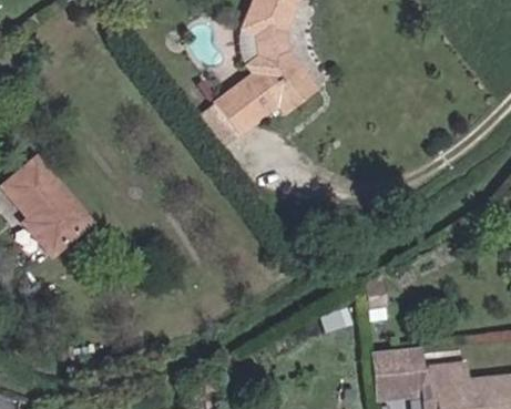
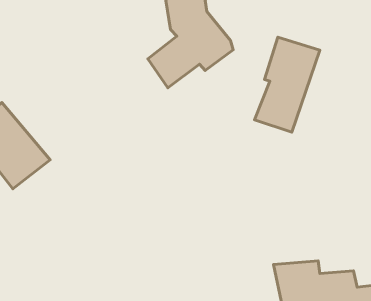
building: none -> [255,37,320,132]

